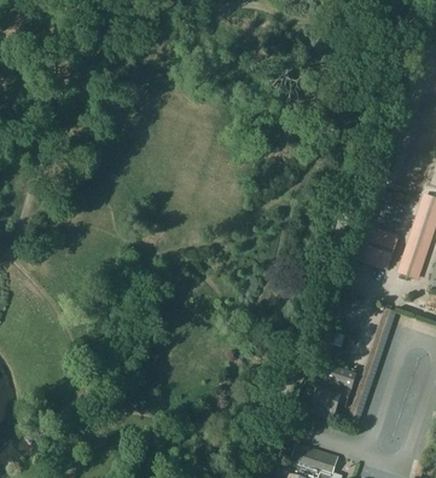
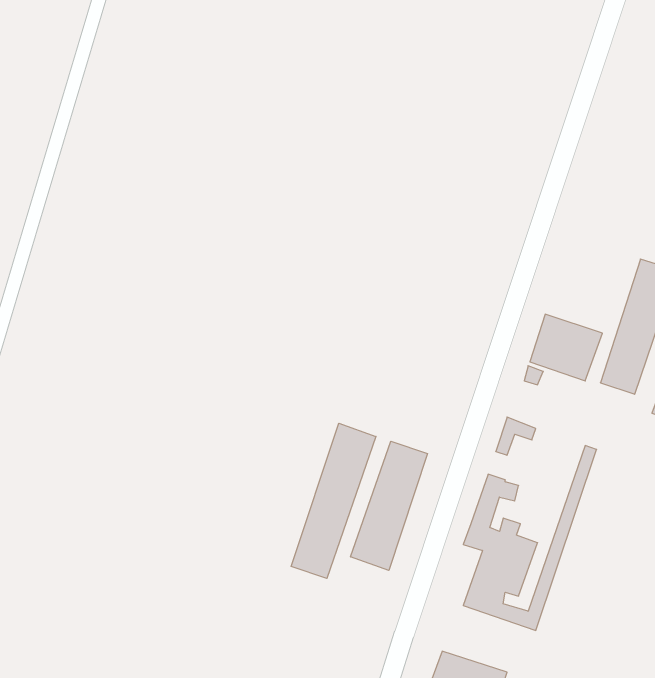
building: none -> [291,423,376,578]
building: none -> [351,441,427,570]

